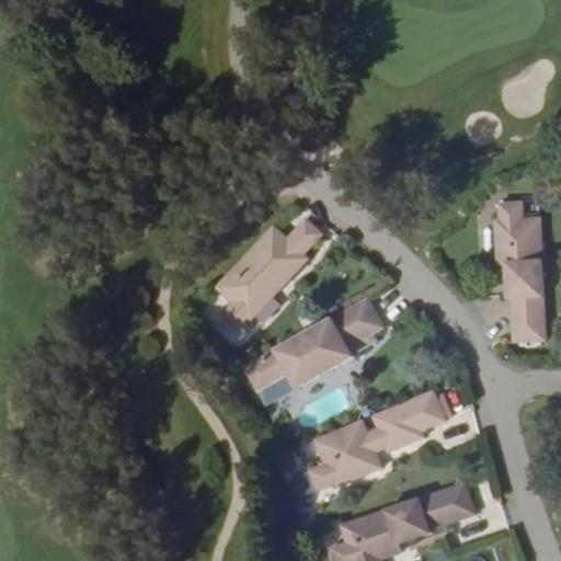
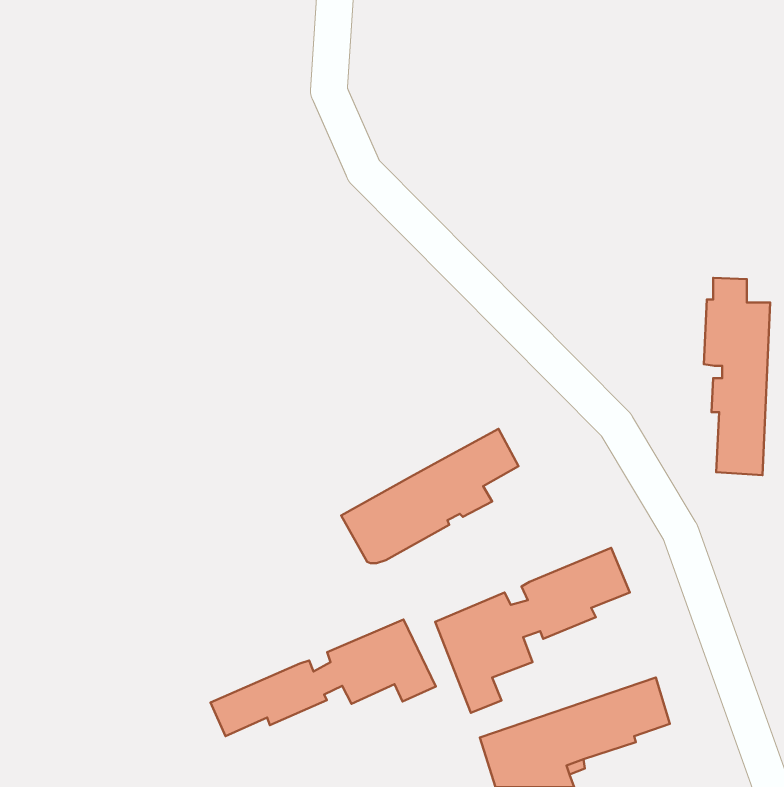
building: [210,220,319,331] -> none
building: none -> [210,619,436,736]

